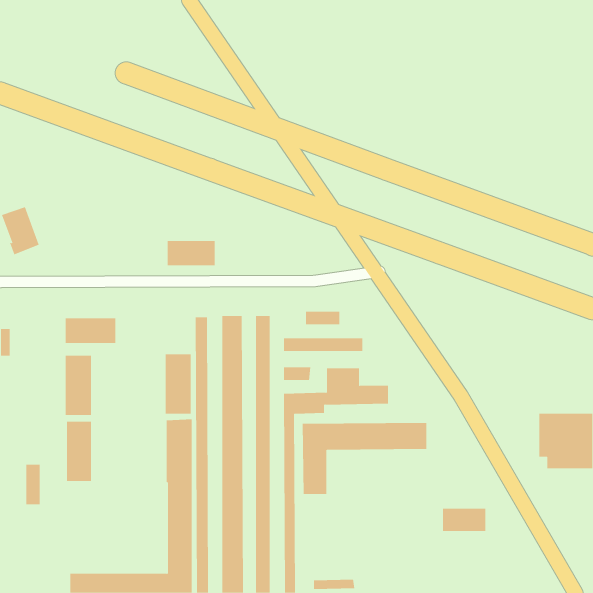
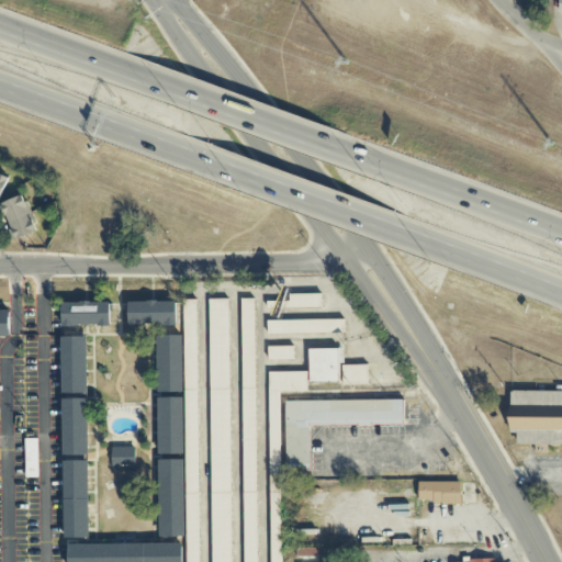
building: [167,240,216,266] -> [128,301,175,325]
building: none -> [111,447,135,467]
building: none -> [63,460,89,539]

